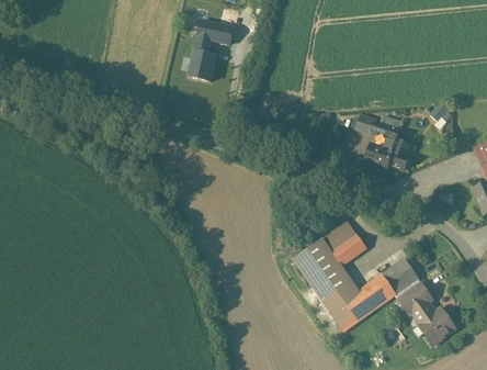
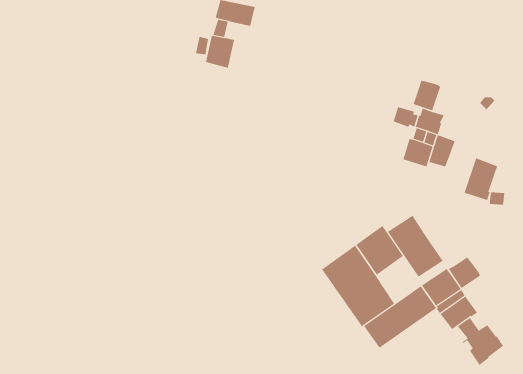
building: none -> [413,80,441,111]
building: none -> [464,158,498,201]
building: none -> [387,215,444,278]
building: none -> [448,256,480,289]

